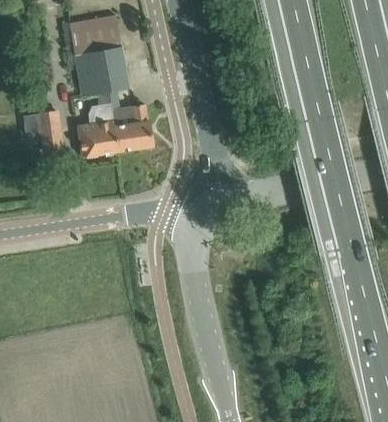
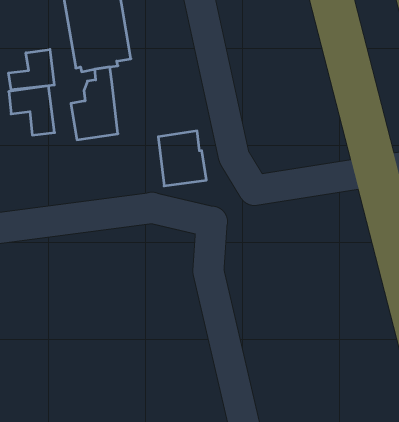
building: none -> [9,49,54,90]
building: [113,104,154,151] -> [158,131,206,186]

